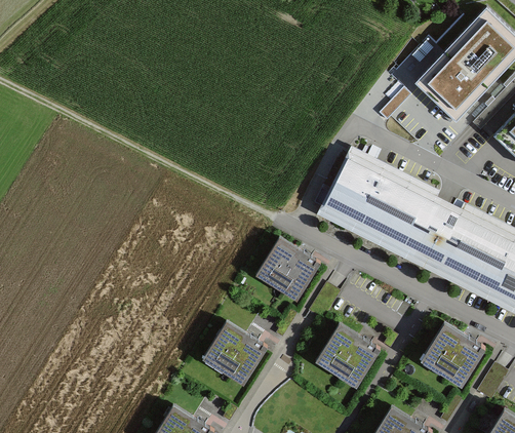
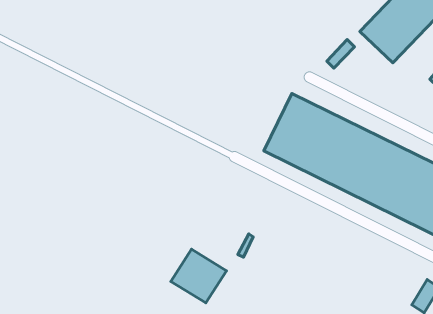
building: [258,239,321,302] -> none
building: [424,320,487,382] -> none
building: [319,322,382,383] -> none

